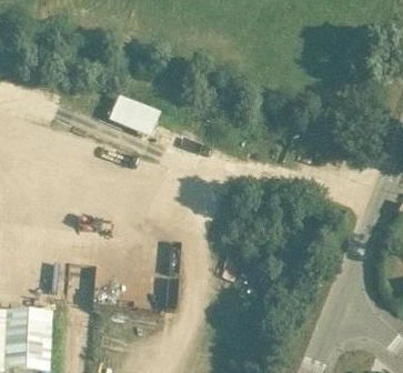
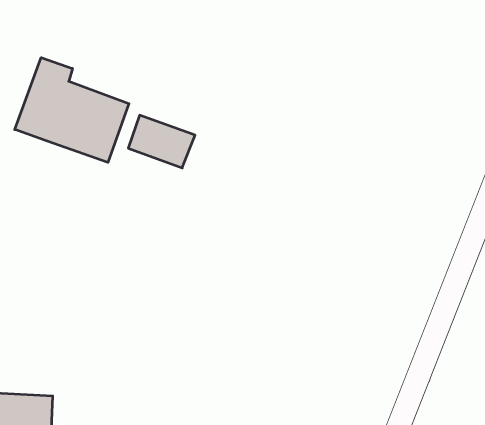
building: none -> [15,58,129,162]

